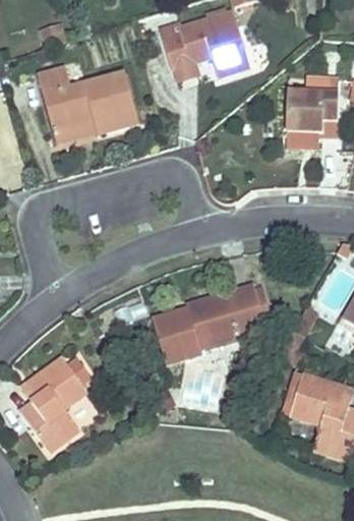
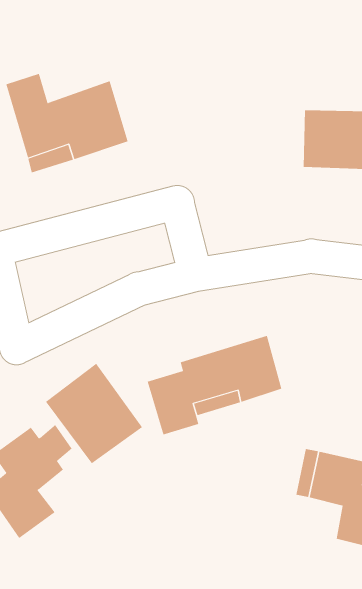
building: [159,8,247,73] -> none
building: none -> [45,363,143,464]

